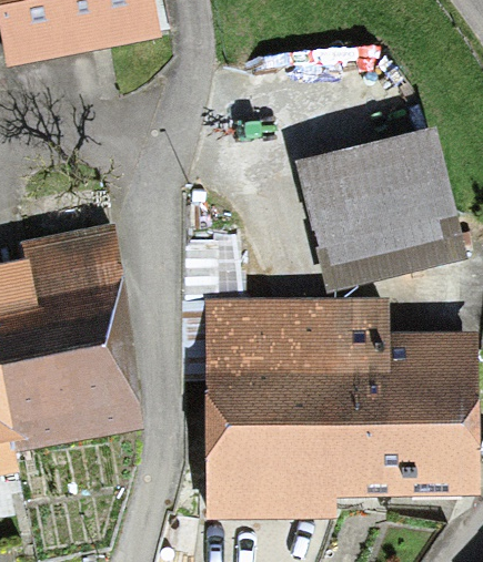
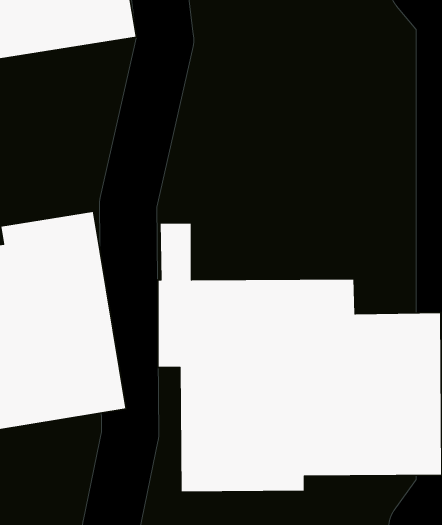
building: [295,127,464,289] -> none

